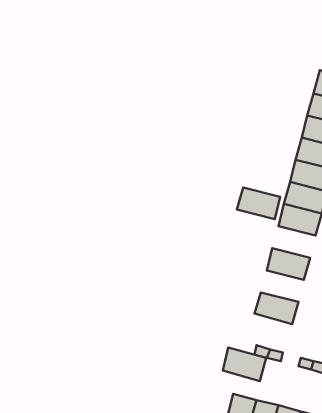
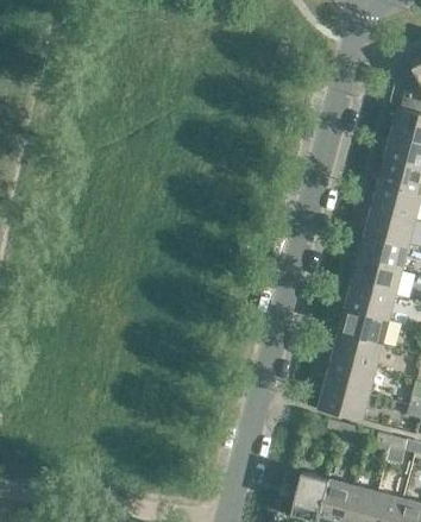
building: [237,187,280,219] -> [347,283,396,319]
building: none -> [334,333,383,369]
building: [223,347,266,381] -> [321,382,370,420]

